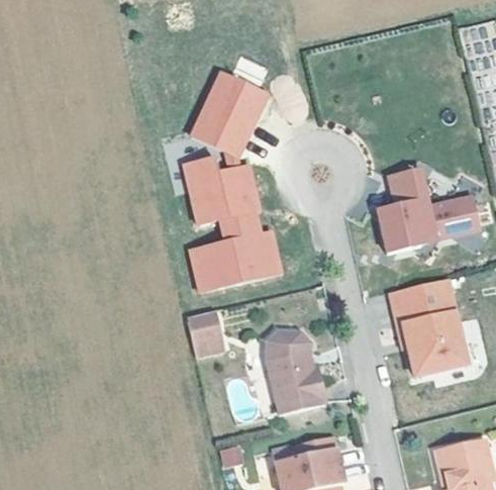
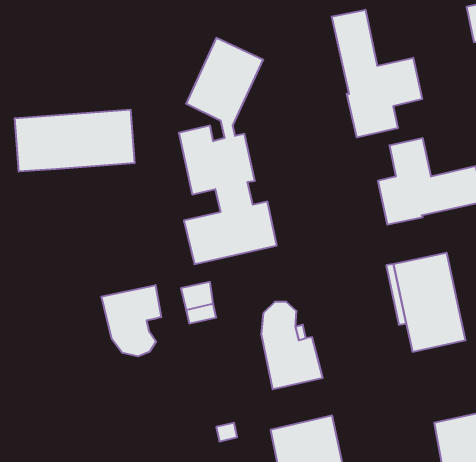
building: none -> [332,10,422,137]
building: none -> [15,110,134,172]
building: none -> [101,285,161,356]

